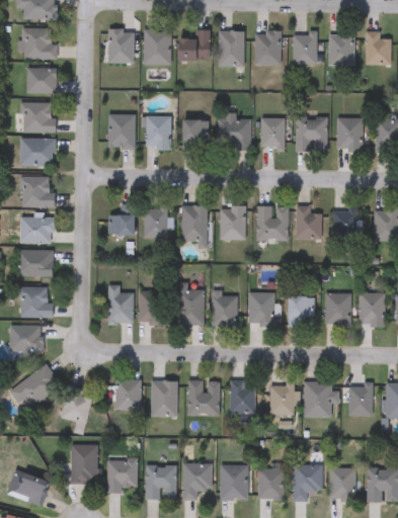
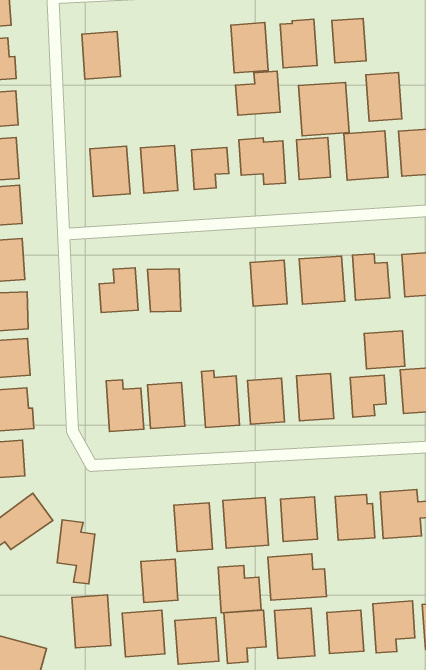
building: [144,30,170,65] -> none
building: [178,30,210,61] -> [236,71,280,115]
building: [329,31,353,66] -> [366,73,402,121]
building: none -> [299,82,349,136]
building: [181,206,207,246] -> none
building: none -> [364,331,405,369]
building: [115,379,141,410] -> [141,559,178,603]
building: none -> [268,554,327,600]
building: none -> [218,565,261,613]

